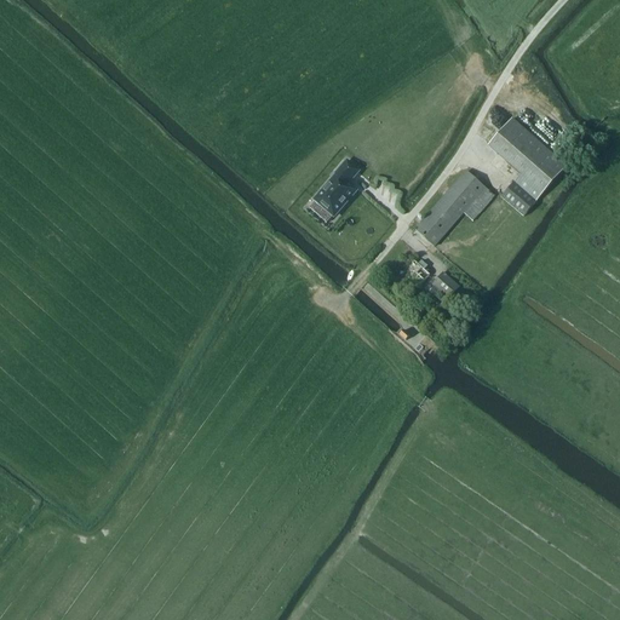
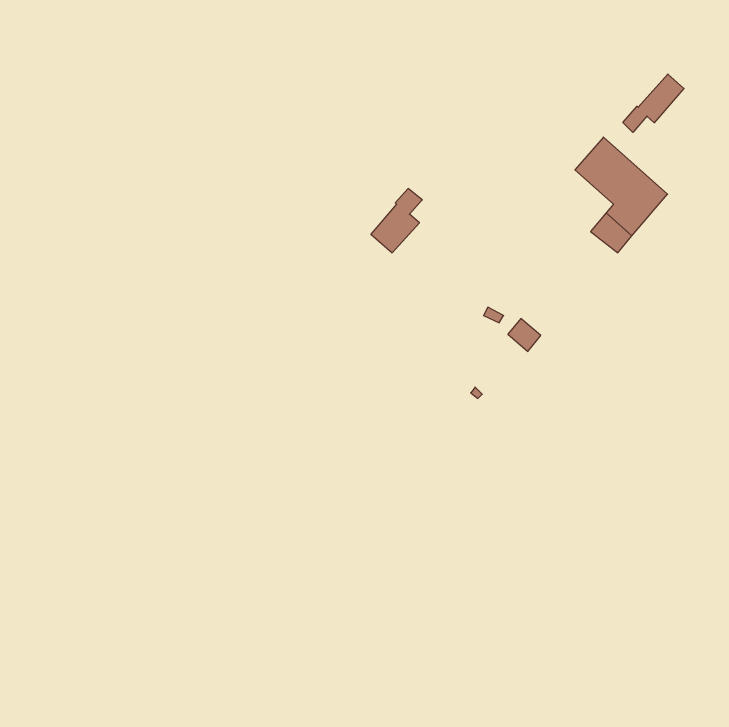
building: none -> [623,74,684,132]
building: [414,170,494,245] -> none

